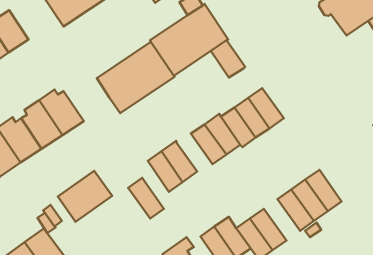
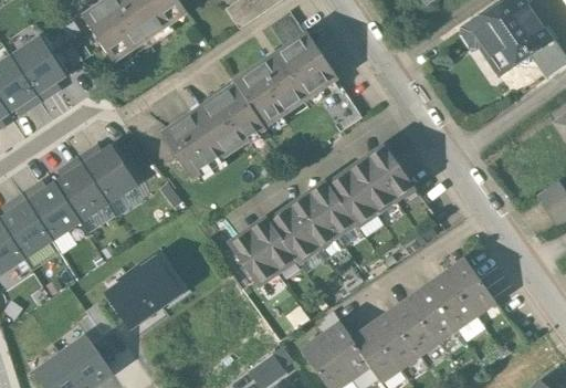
building: [128,178,164,219] -> [269,207,317,262]
building: none -> [387,296,437,353]

